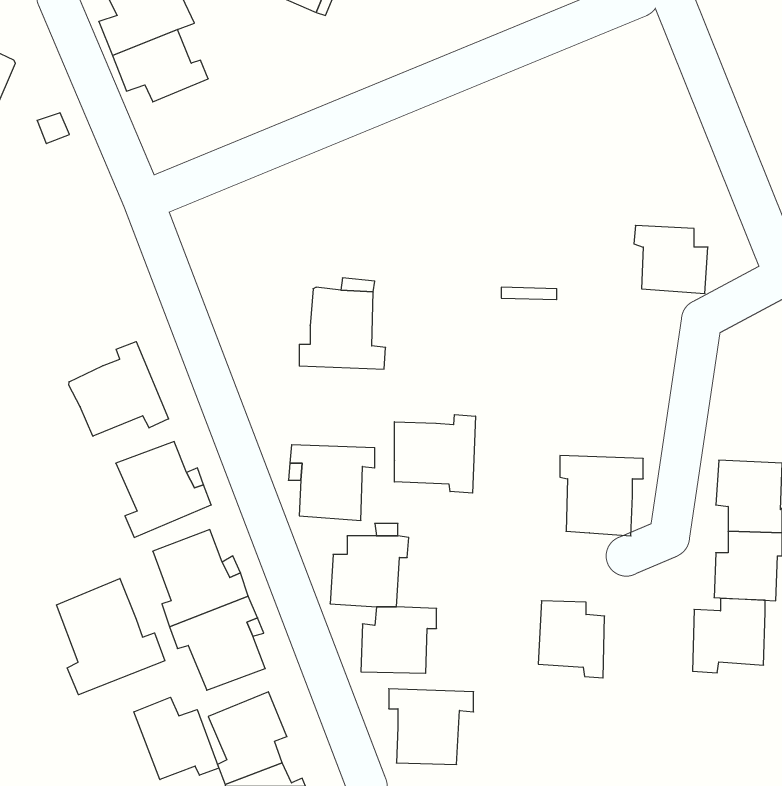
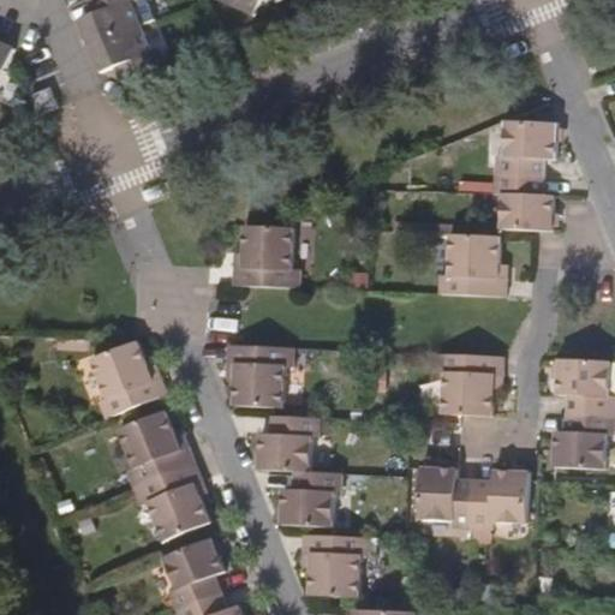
building: none -> [495,119,555,178]
building: none -> [438,234,503,297]
building: [69,342,169,436] -> none
building: [394,415,475,493] -> none
building: [57,578,165,695] -> none
building: [693,599,765,673] -> [470,471,526,529]
building: [134,697,219,780] -> none

